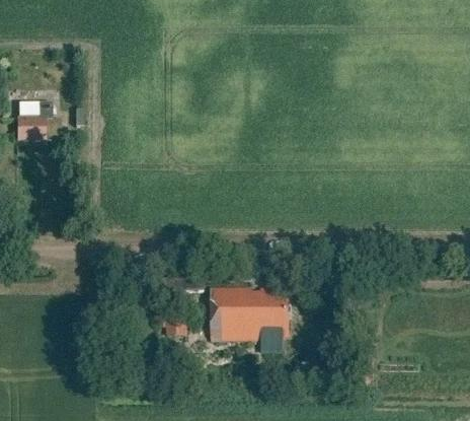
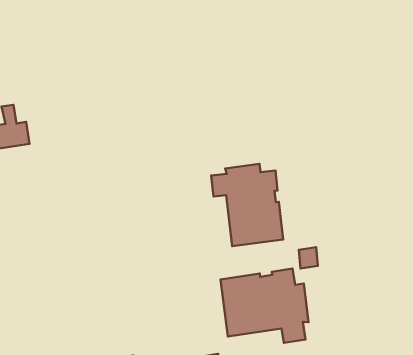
building: none -> [211,164,283,246]

